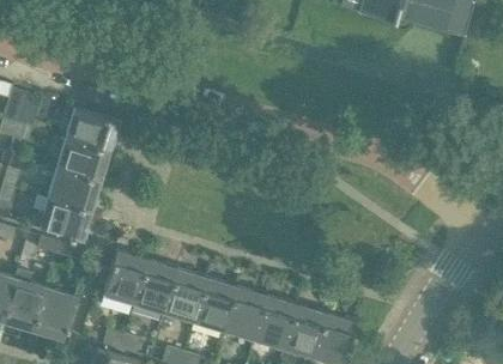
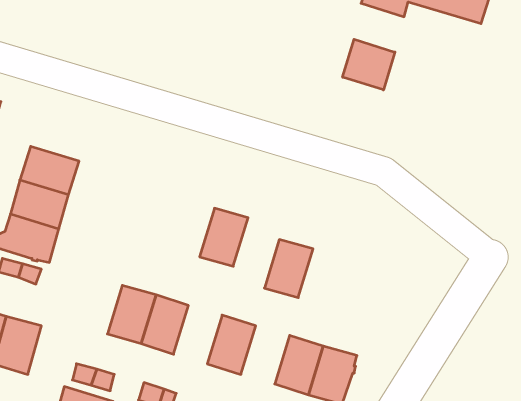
building: none -> [343,39,395,90]
building: [66,108,117,151] -> none
building: [103,251,147,304] -> none
building: [193,279,236,330] -> [200,208,248,266]
building: [253,297,296,348] -> [264,240,313,298]

